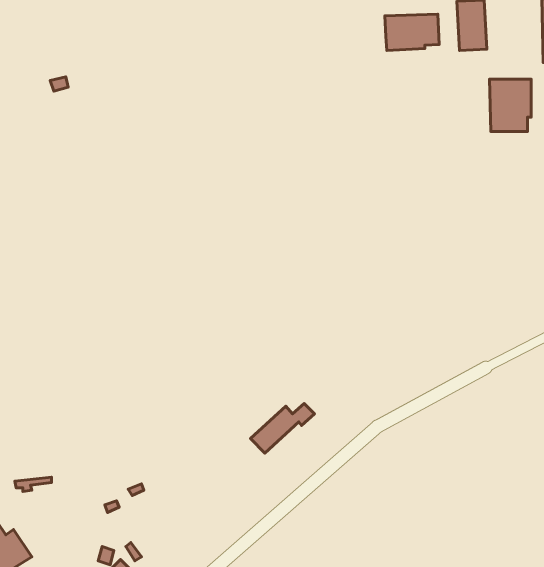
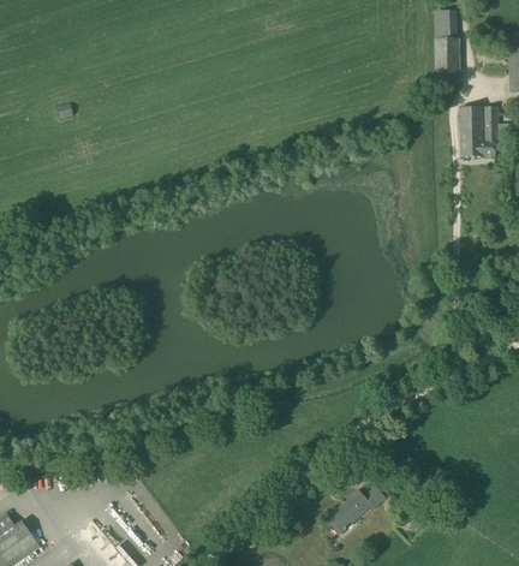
building: [385,14,439,50] -> none
building: [251,403,315,453] -> [326,487,384,532]

